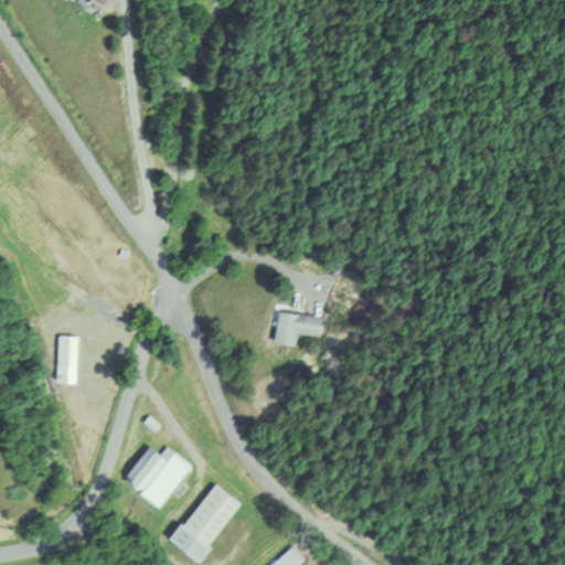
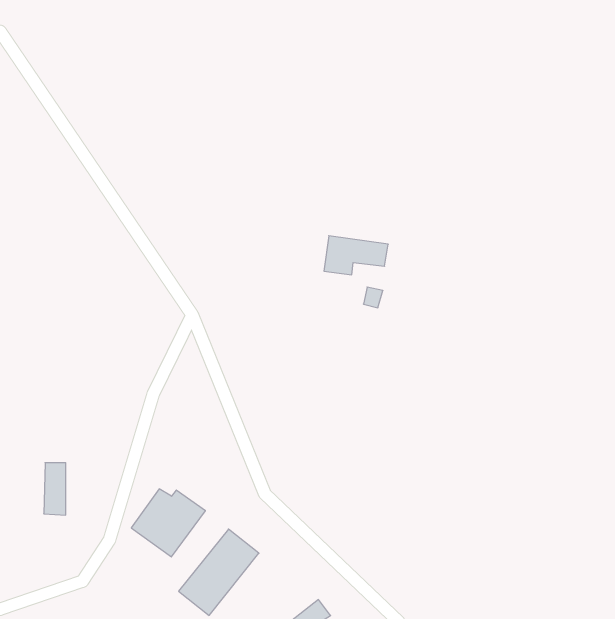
building: [273,311,331,347] -> [324,236,388,275]
building: [60,337,79,384] -> [44,463,66,515]

